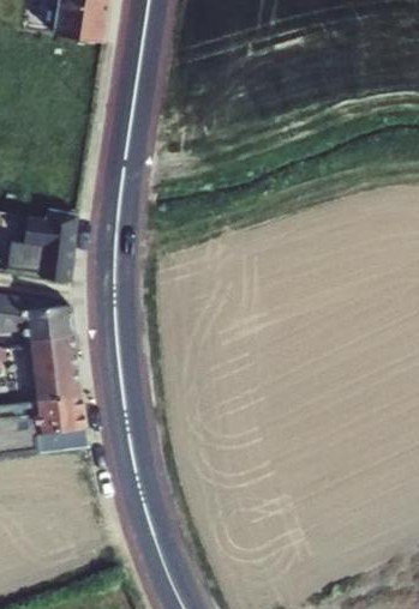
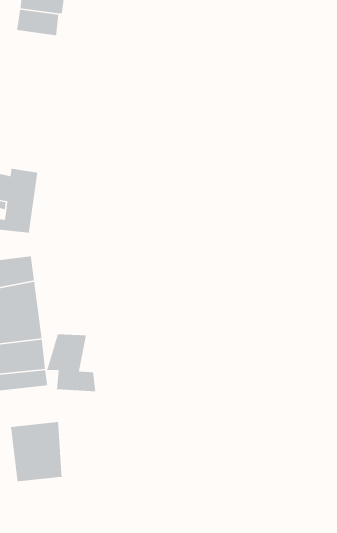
building: none -> [46,334,96,392]
building: none -> [10,421,63,482]

